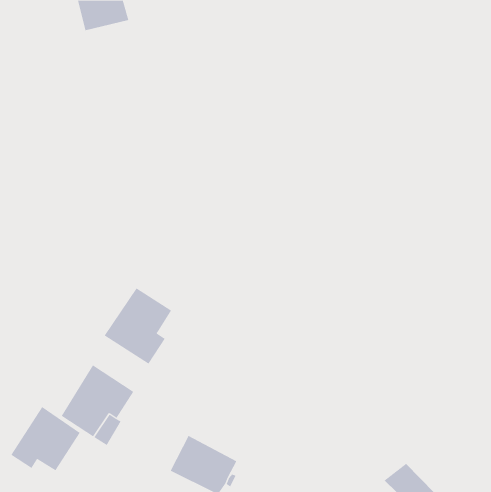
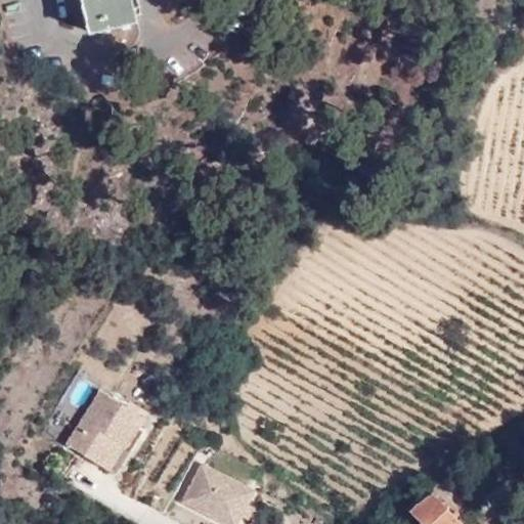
building: [104,287,172,365] -> none
building: [11,406,81,471] -> none

